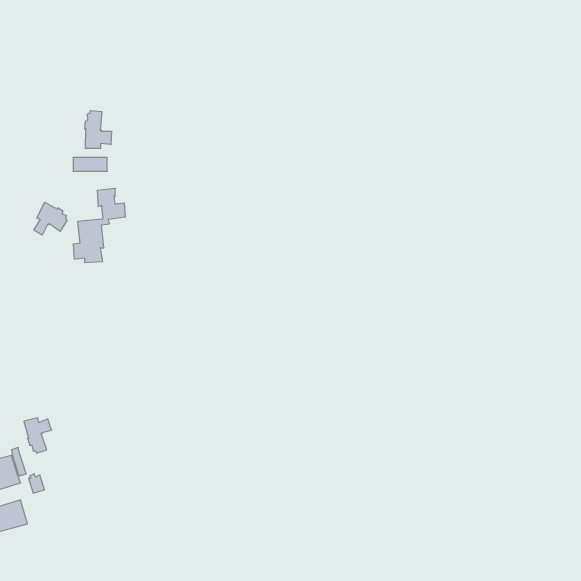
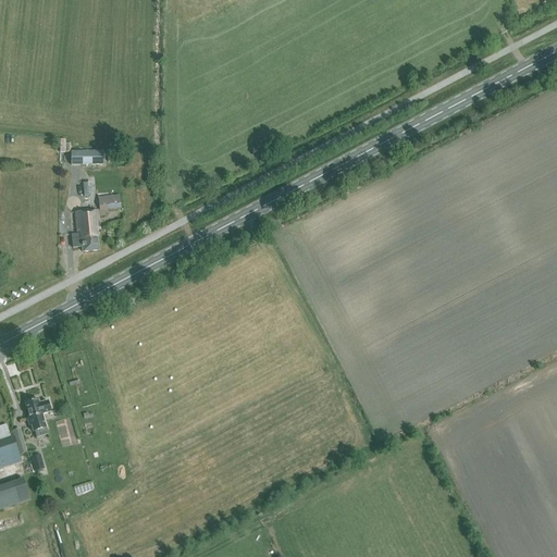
building: [85,111,111,149] -> none
building: [34,202,67,235] -> none

